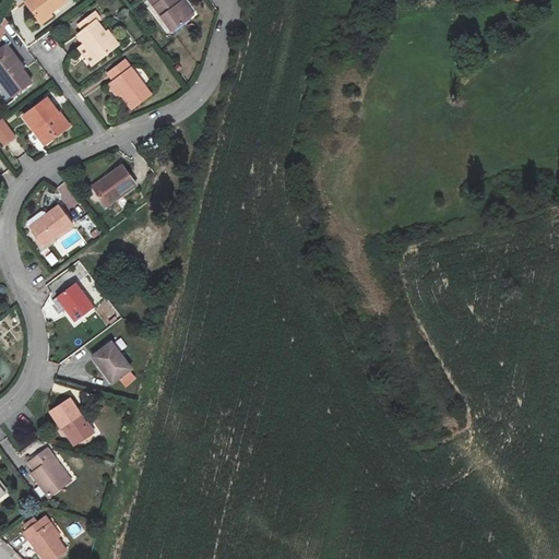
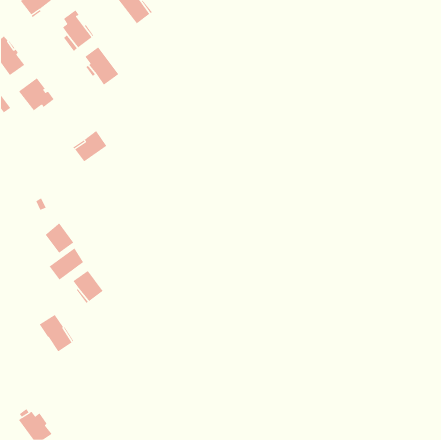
building: [27,204,73,246] -> none
building: none -> [49,247,84,280]
building: [28,447,71,497] -> none

